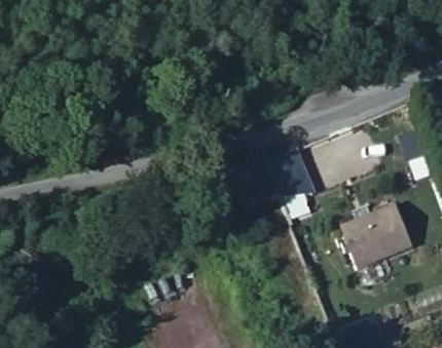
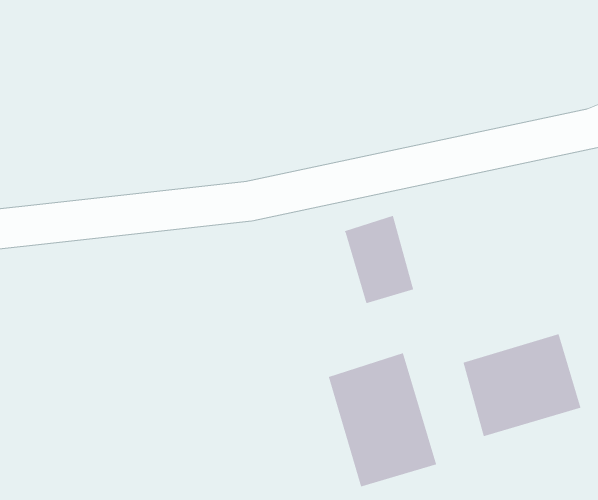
building: none -> [328,352,437,488]

